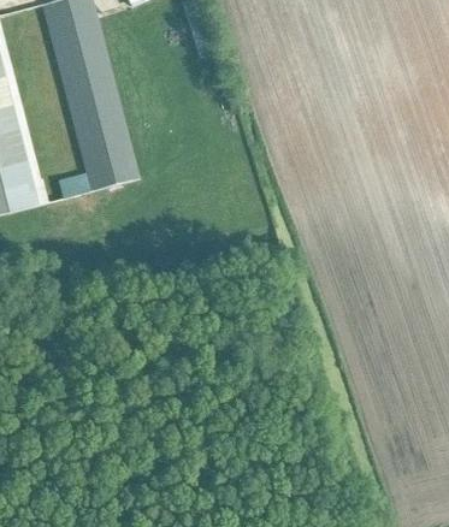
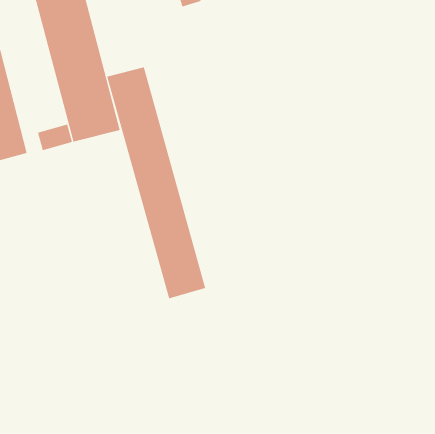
building: none -> [106,67,206,299]

